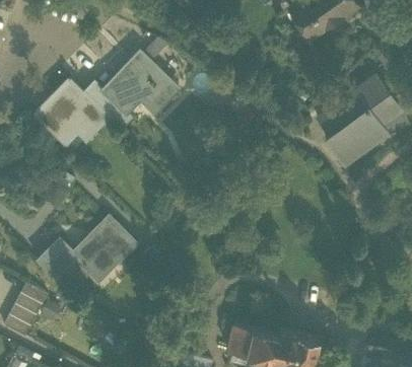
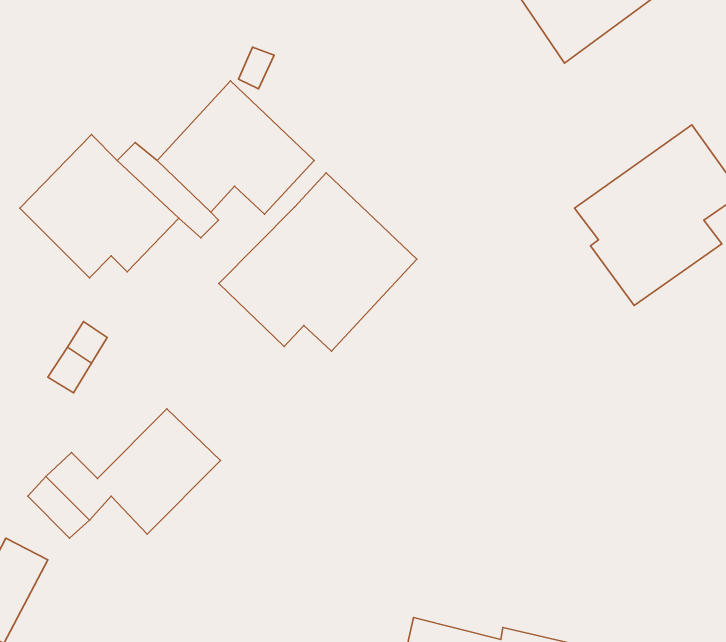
building: none -> [219,173,417,351]

